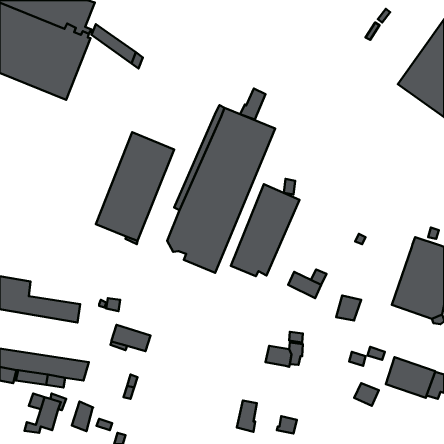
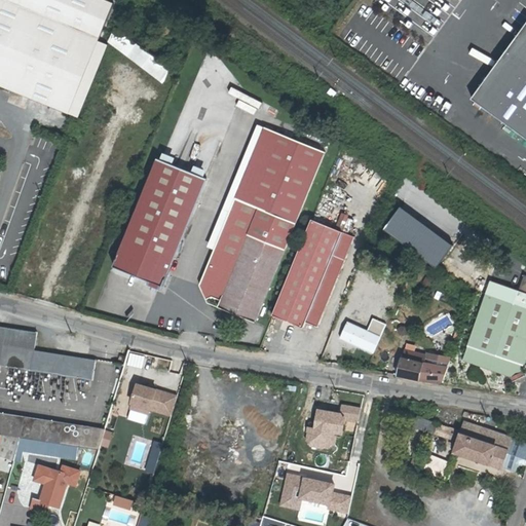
building: [240,89,266,120] -> none
building: none -> [385,209,451,266]
building: none -> [418,352,450,378]
building: none -> [306,426,337,448]
building: [72,401,93,431] -> none
building: none -> [299,477,334,504]

